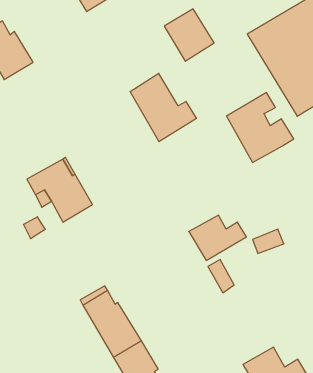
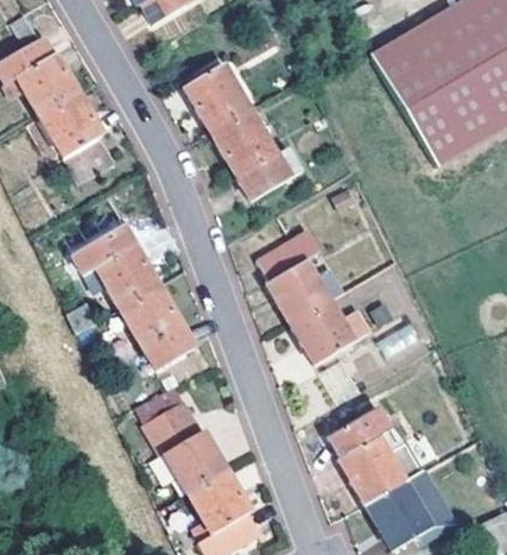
building: [164,9,214,61] -> [183,62,251,133]
building: none -> [40,93,114,183]
building: [226,93,294,162] -> [255,228,347,323]
building: none -> [120,286,195,370]
building: none -> [329,409,406,504]

